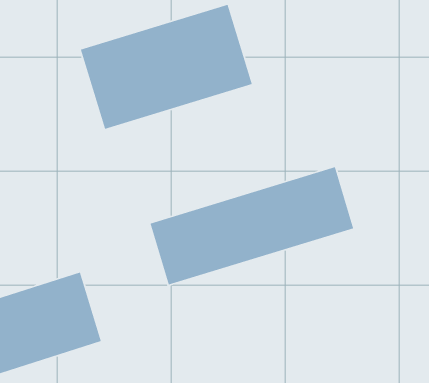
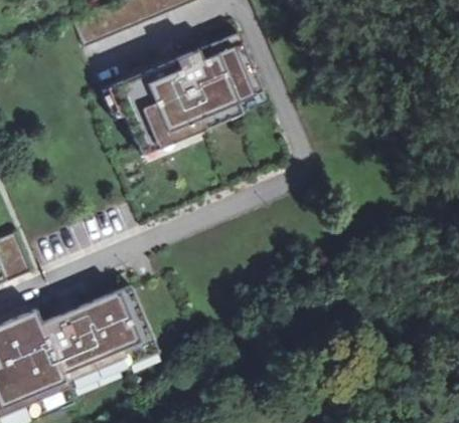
building: [149,166,354,286] -> none

